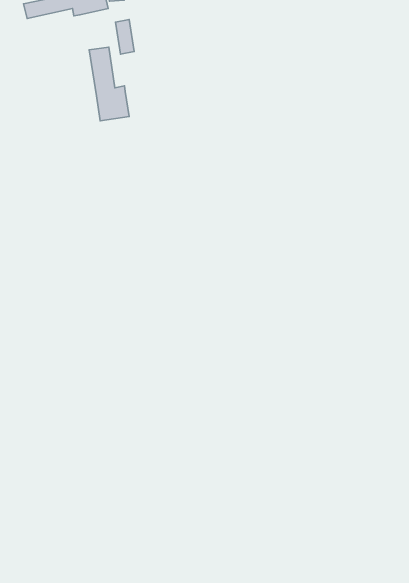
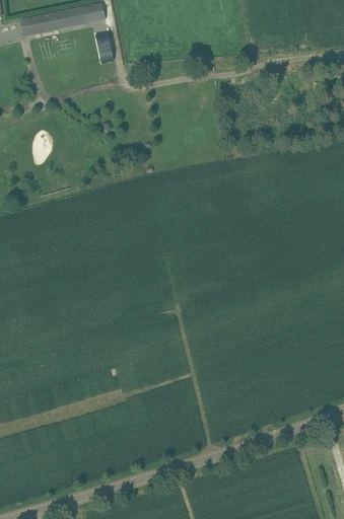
building: [89,47,129,121] -> none

